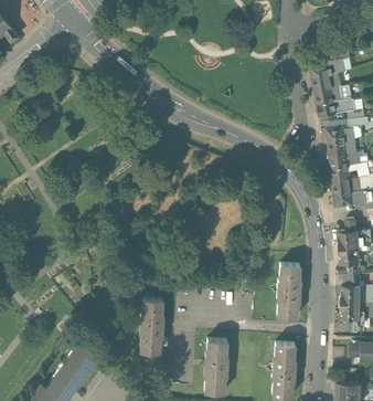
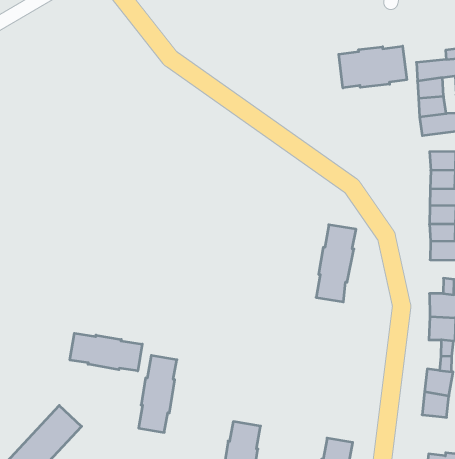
building: none -> [339,46,407,88]
building: [277,263,300,317] -> [316,225,356,302]
building: none -> [70,333,142,371]

